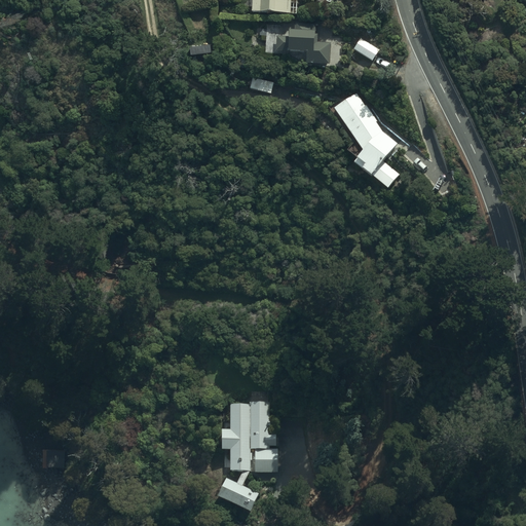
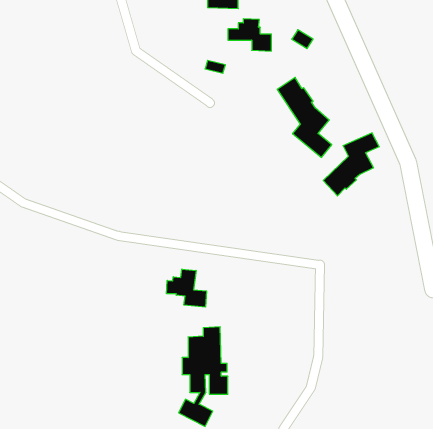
building: none -> [323,133,379,196]
building: none -> [167,269,207,307]

